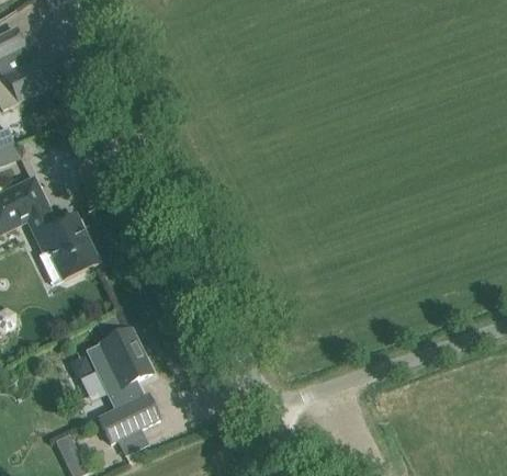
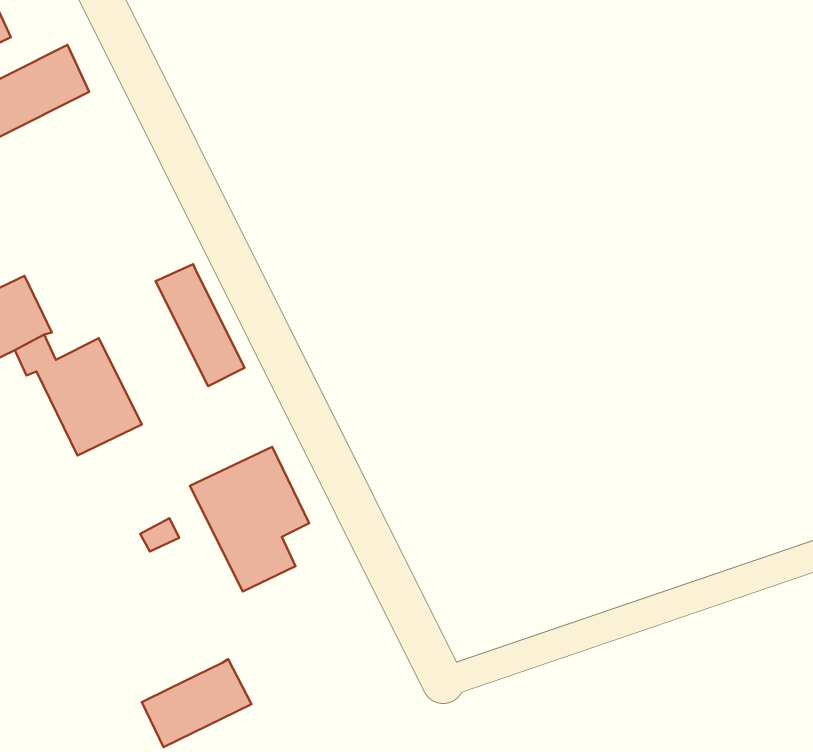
building: none -> [156,264,244,386]
building: [84,328,151,409] -> [190,447,309,591]

